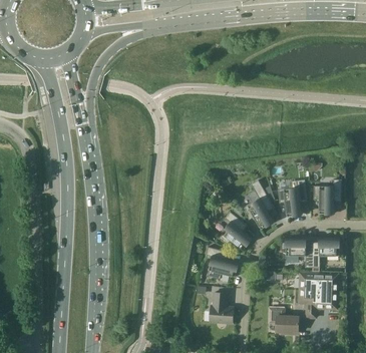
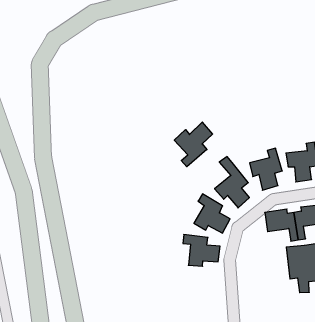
building: none -> [174,122,213,167]
building: [210,293,233,323] -> none
building: [268,307,298,334] -> none

